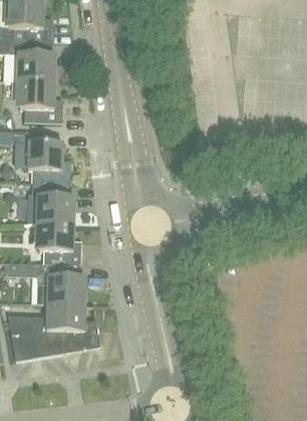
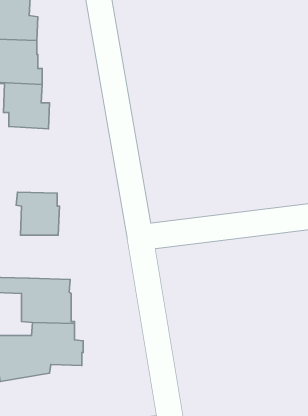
building: [27,142,70,184] -> none
building: [38,223,81,264] -> none

